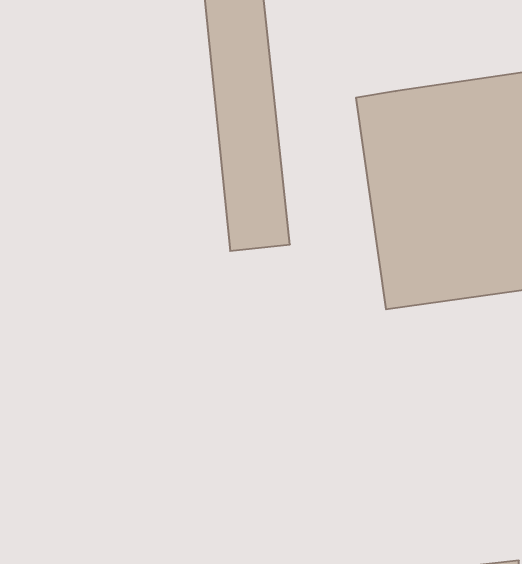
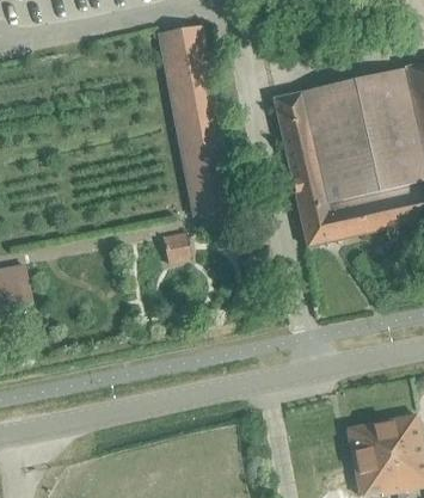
building: none -> [161,229,192,263]

